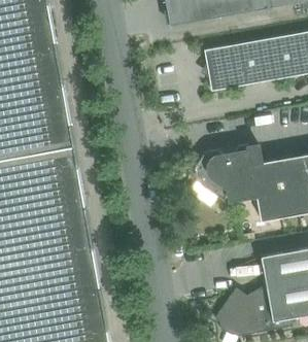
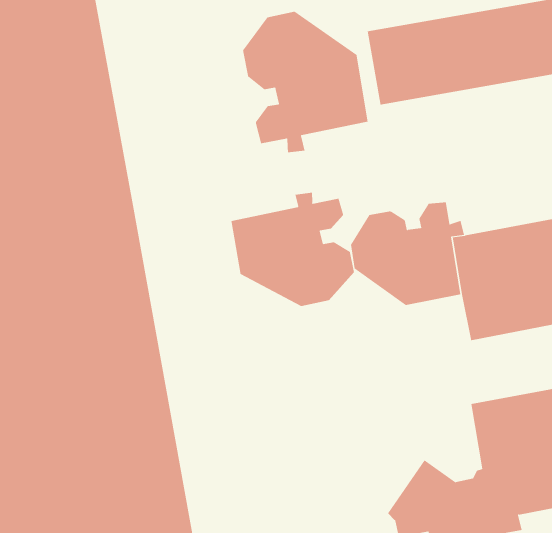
building: none -> [243,11,368,153]
building: none -> [231,192,355,307]

